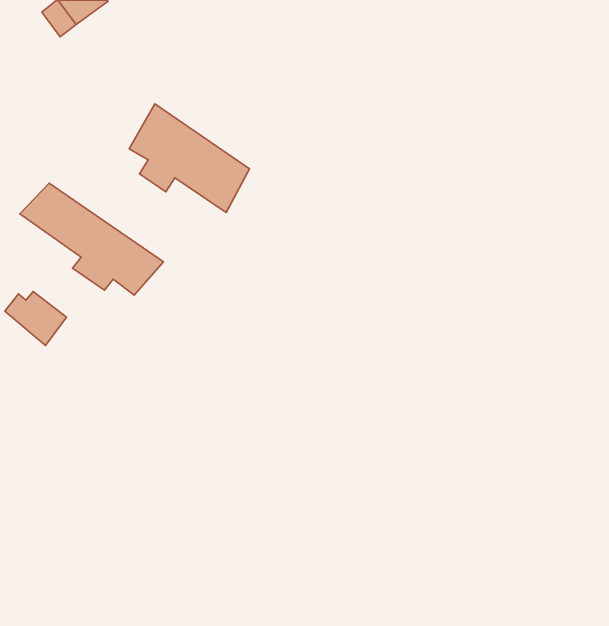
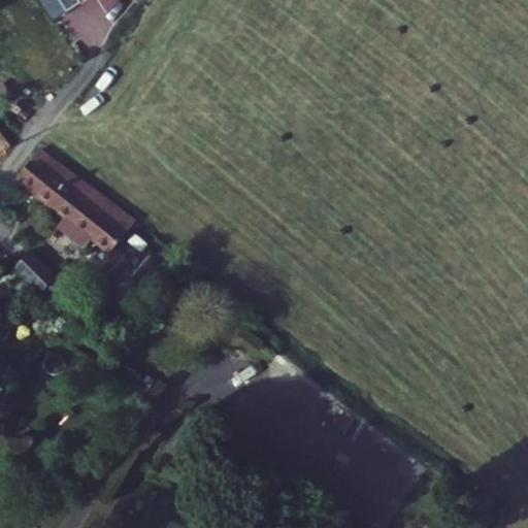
building: [129,104,249,213] -> none

